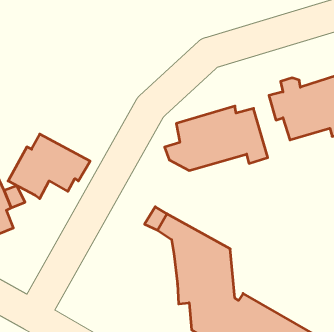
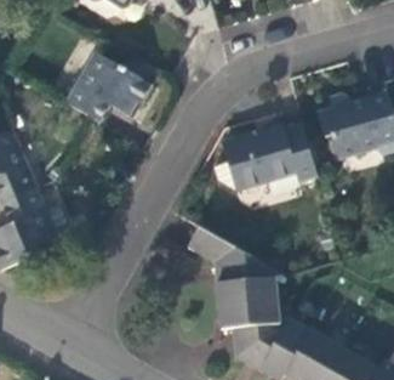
building: [8,134,90,199] -> [65,55,150,121]

